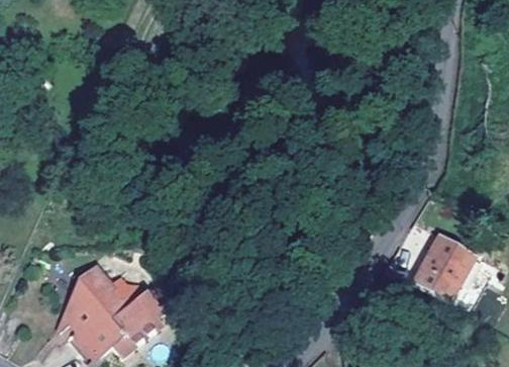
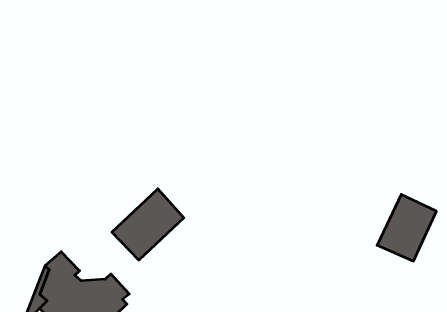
building: none -> [112,189,184,260]

